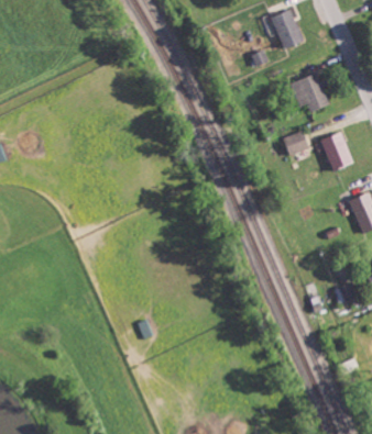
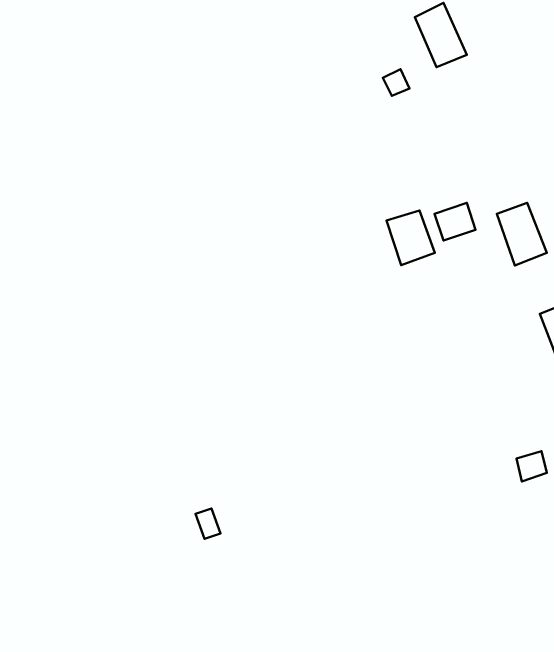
building: [289,73,329,112] -> none
building: none -> [386,211,435,265]

